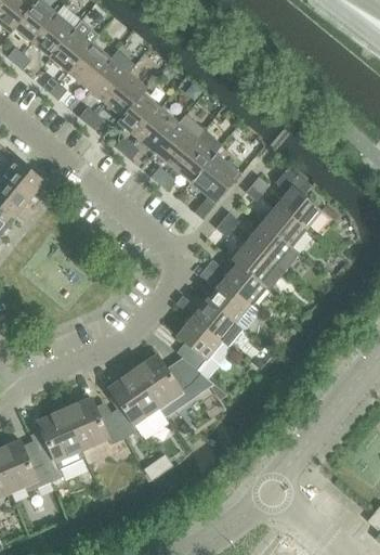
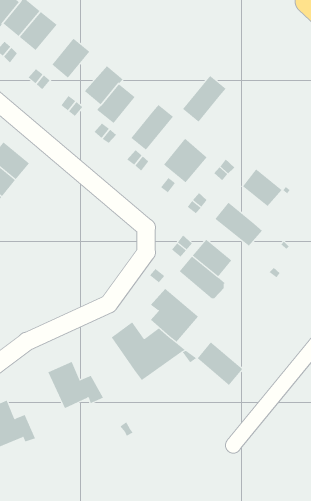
building: [51,28,92,72] -> none
building: [87,49,135,101] -> none
building: [136,107,179,152] -> none
building: [172,129,221,181] -> [182,75,226,123]
building: [262,205,305,246] -> none
building: [232,241,285,289] -> none
building: [193,298,244,347] -> [197,341,243,386]
building: [108,371,167,437] -> none
building: [32,409,82,481] -> none

